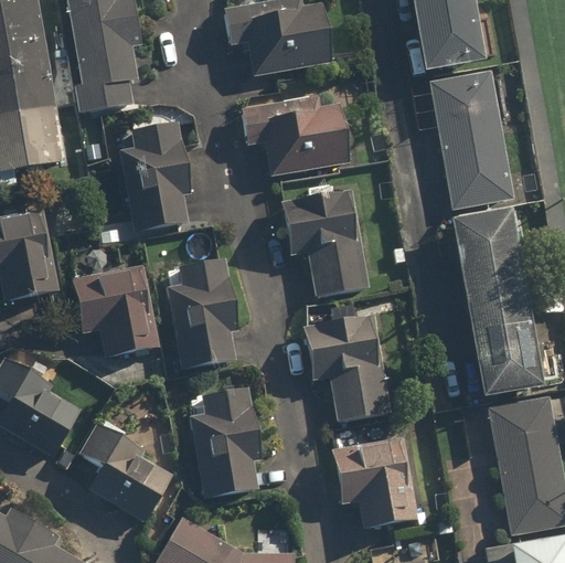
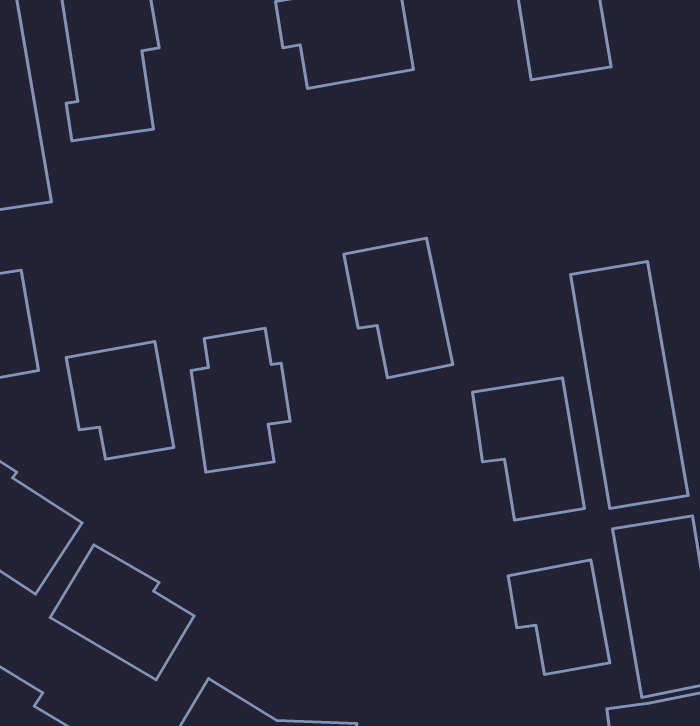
building: [428,66,514,212] -> none
building: [242,85,354,173] -> none
building: [119,119,192,227] -> none
building: [307,314,392,422] -> [472,378,584,520]
building: [190,387,260,499] -> none
building: [337,440,414,528] -> [508,560,610,674]

